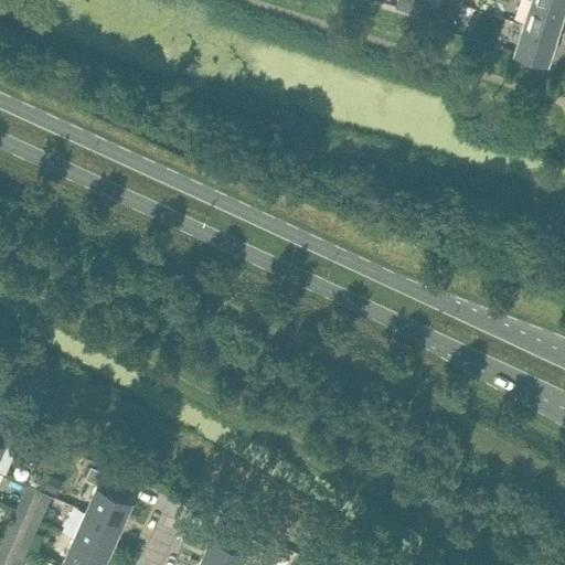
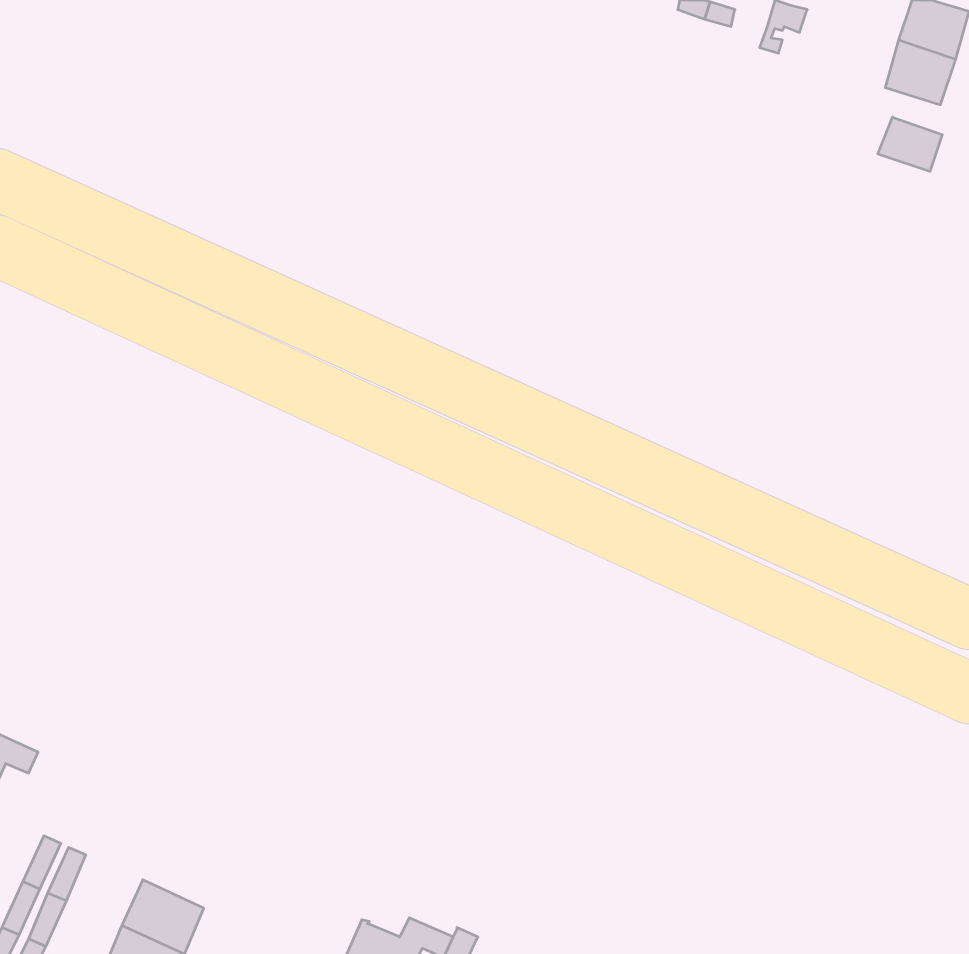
building: none -> [878,117,942,171]
building: [83,477,131,537] -> none

